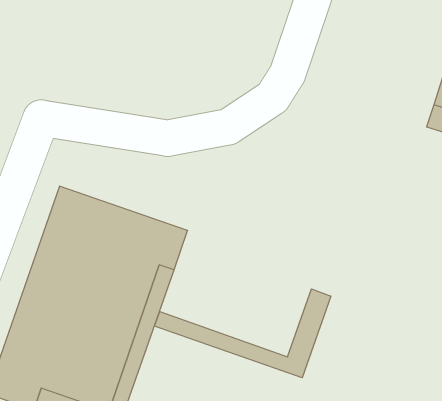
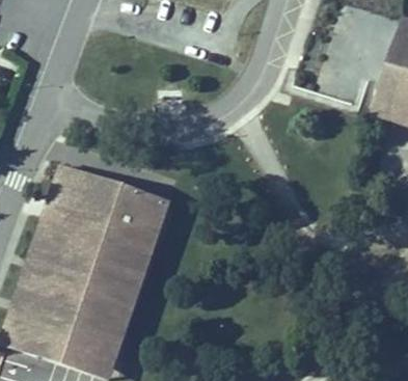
building: [154,289,331,378] -> none

